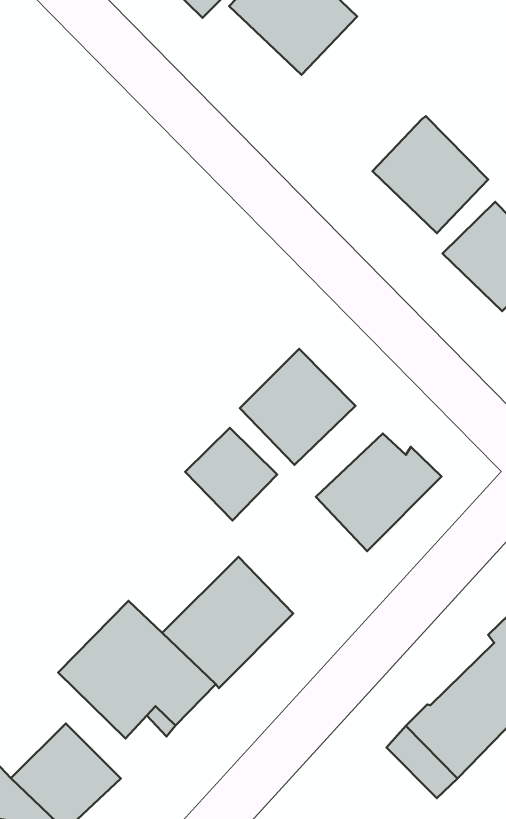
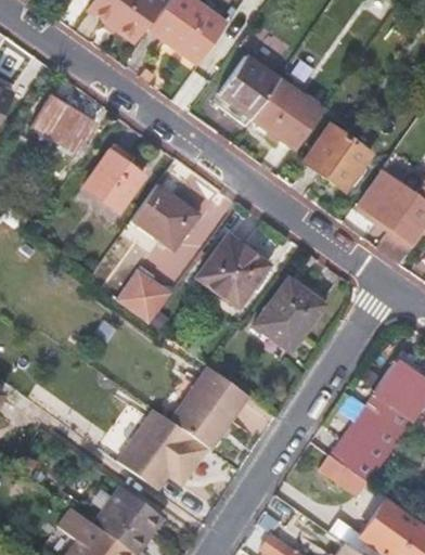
building: none -> [220,57,279,125]
building: none -> [31,99,93,155]
building: none -> [82,144,143,212]
building: none -> [131,184,198,250]
building: [185,428,277,520] -> [116,268,172,324]

